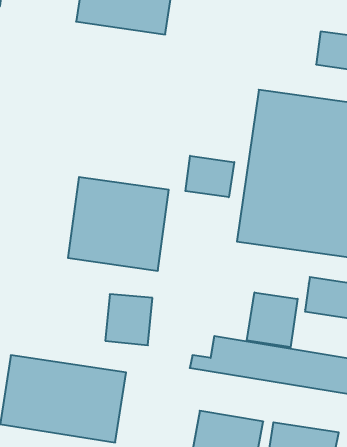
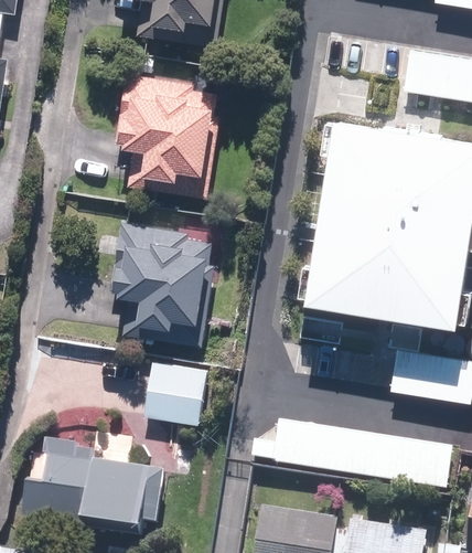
building: none -> [103,72,227,202]
building: [185,156,234,197] -> none
building: [247,292,298,347] -> none

